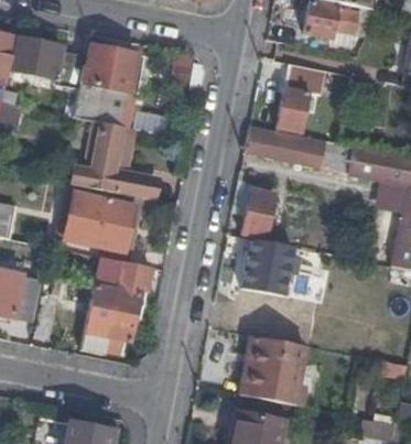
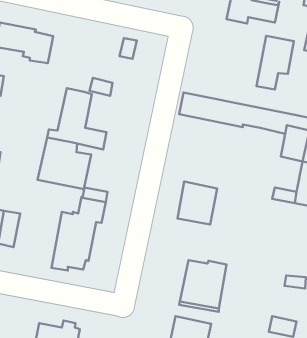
building: [73,43,134,124] -> none
building: [278,64,325,132] -> [257,36,294,89]
building: [236,182,274,239] -> none

